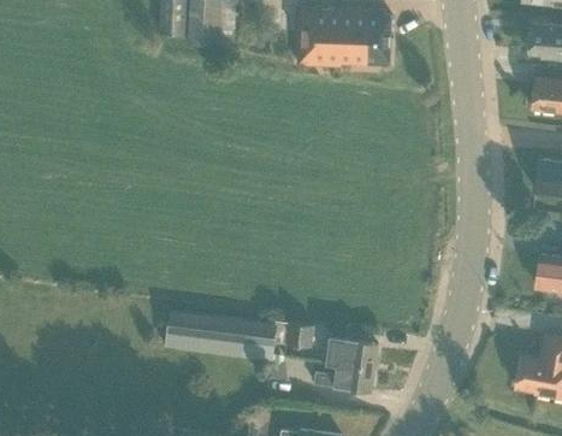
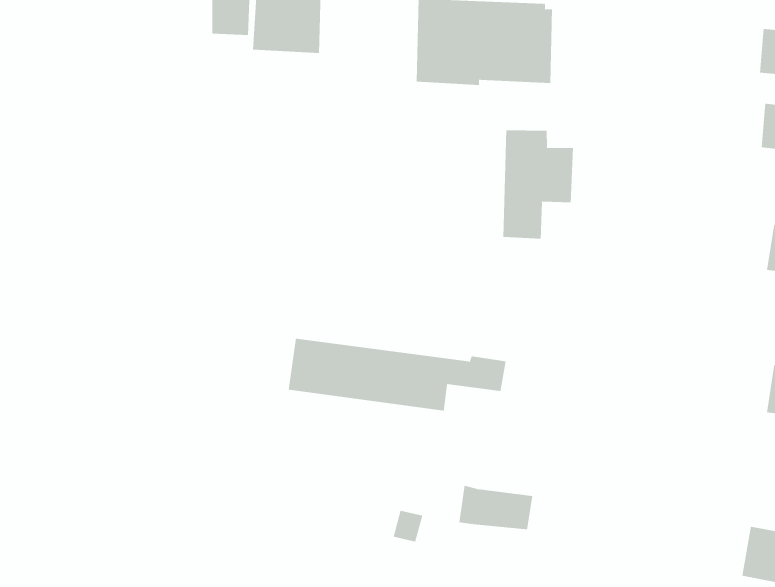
building: none -> [503,129,574,240]
building: [162,310,310,359] -> [288,338,507,411]
building: [312,363,372,390] -> none

